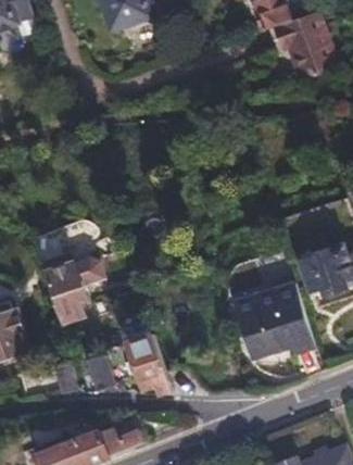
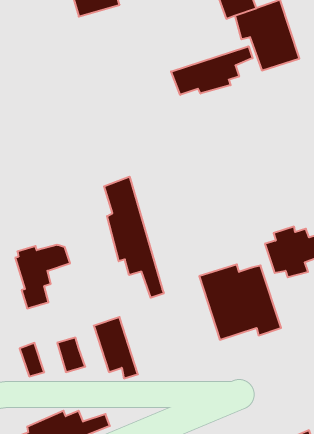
building: none -> [171,46,253,95]
building: none -> [104,177,164,298]

